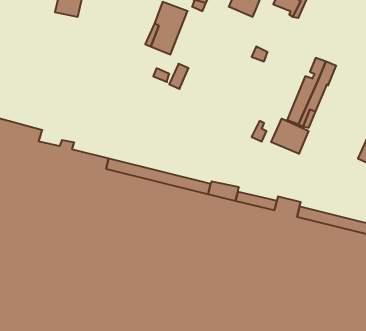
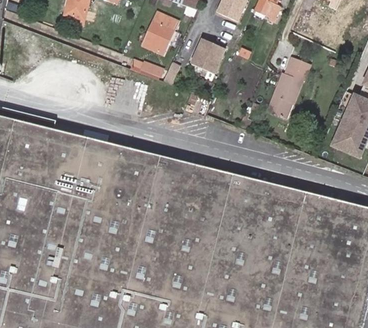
building: none -> [191,41,222,72]
building: [271,119,309,154] -> none

